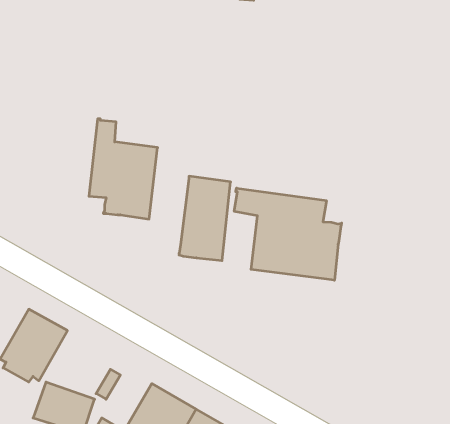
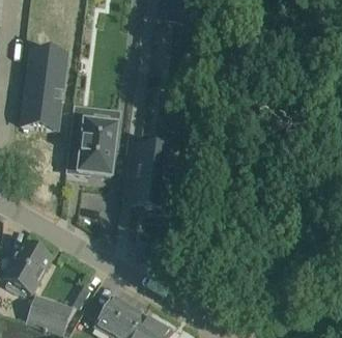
building: none -> [22,51,65,129]
building: [234,188,342,280] -> none

